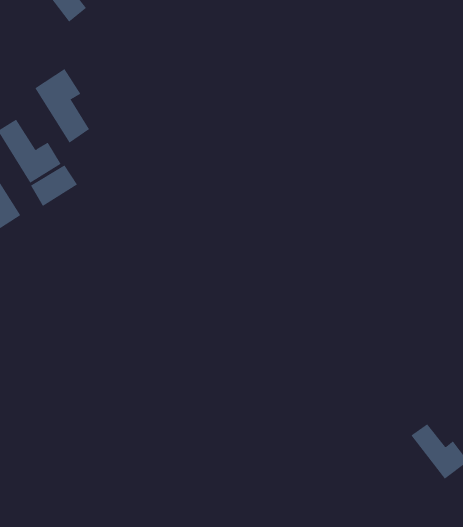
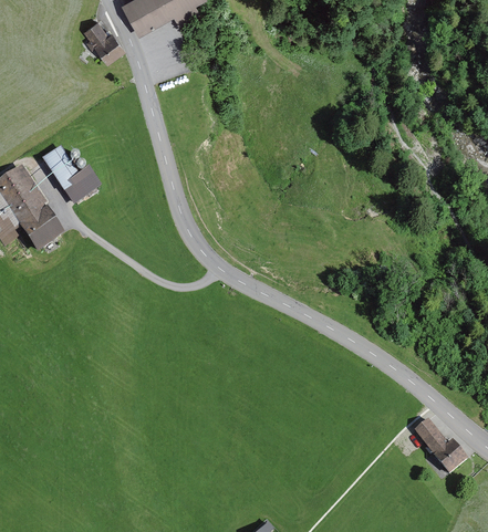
building: [34,68,90,144] -> none
building: [30,164,78,207] -> none

